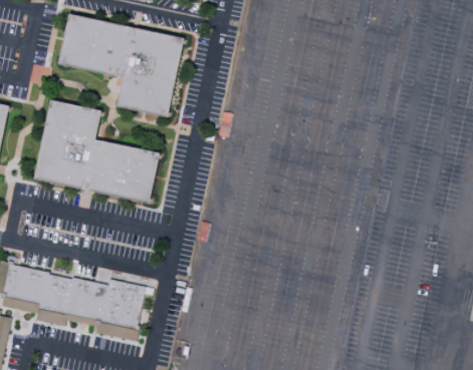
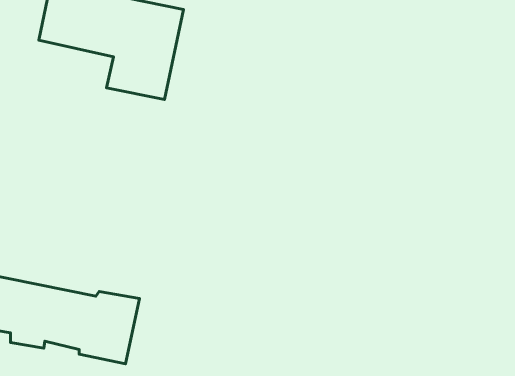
building: [35,101,161,203] -> none

